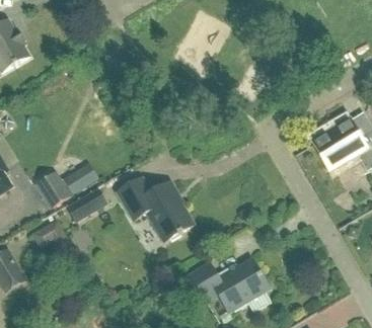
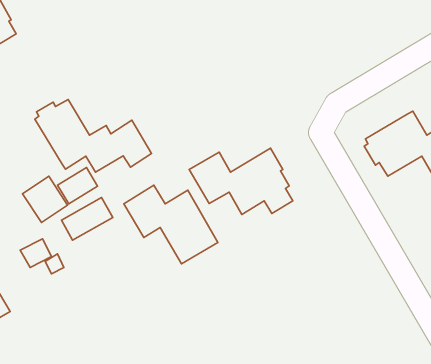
building: none -> [35,99,152,172]
building: [187,259,271,313] -> [189,148,293,215]

